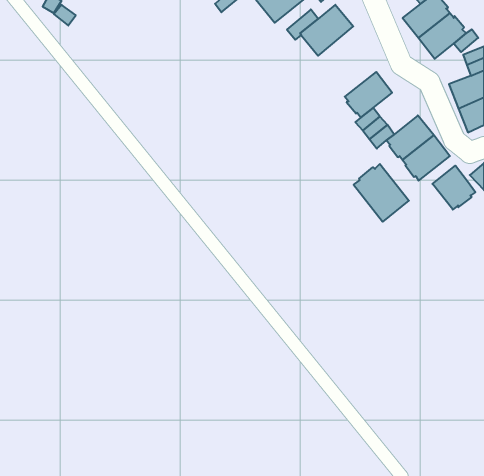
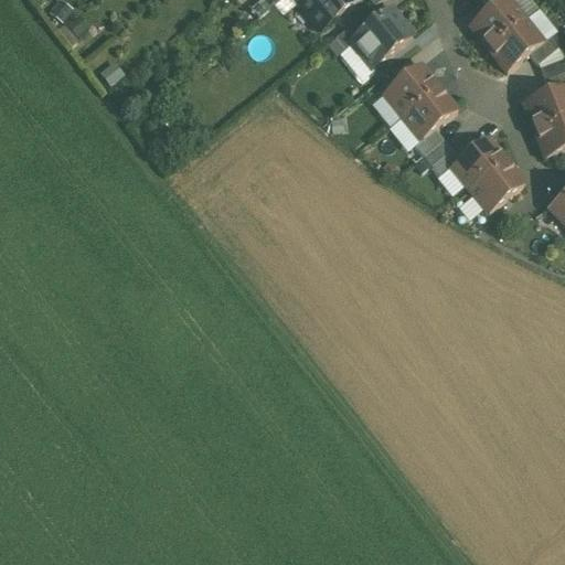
building: none -> [383,61,438,113]
building: [354,164,409,222] -> none
building: [432,166,475,210] -> none

